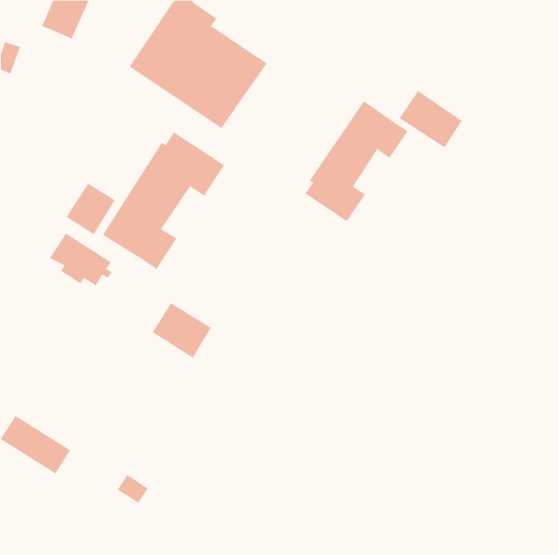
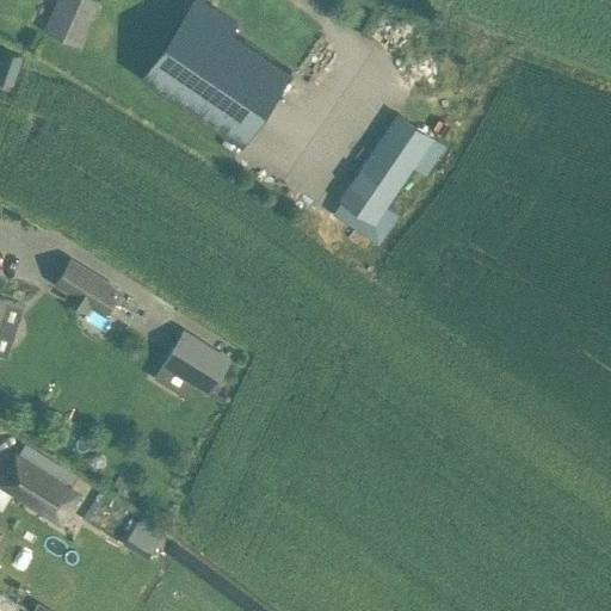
building: [399,90,463,148] -> none
building: [102,131,225,270] -> none
building: [66,183,116,235] -> none

